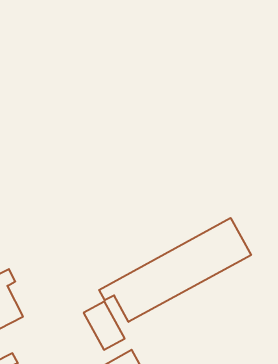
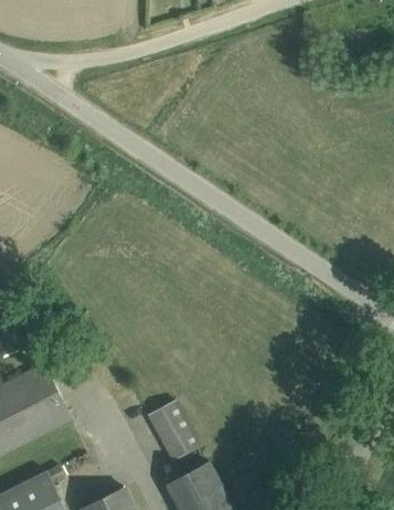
building: [99,218,251,322] -> none

